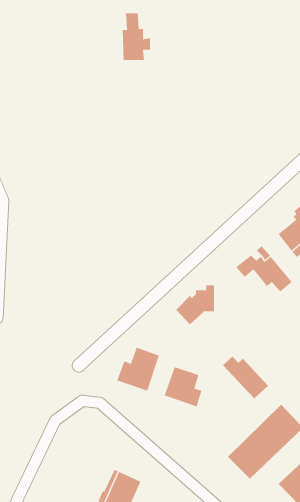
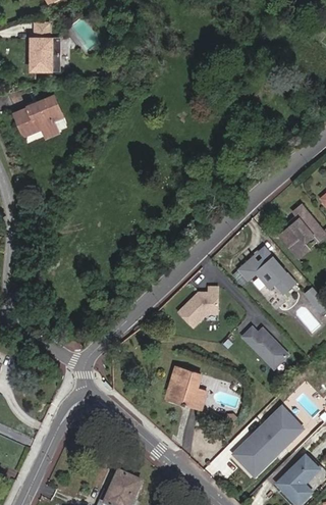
building: [122,13,151,61] -> [35,28,63,74]
building: none -> [18,97,66,140]
building: [117,347,160,391] -> none
building: [222,356,269,399] -> [240,327,286,370]

